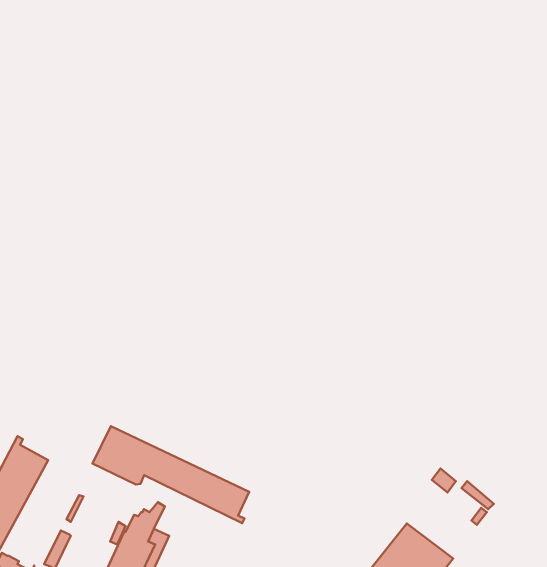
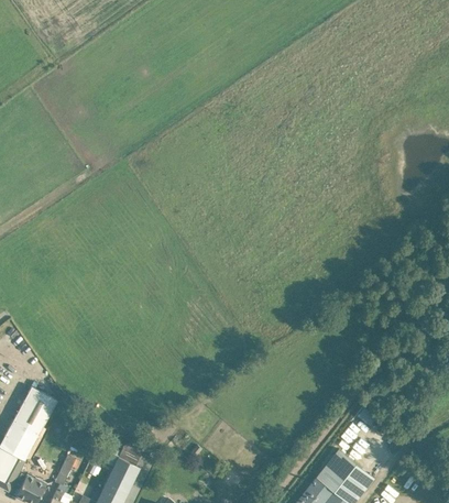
building: [92,426,249,523] -> none

